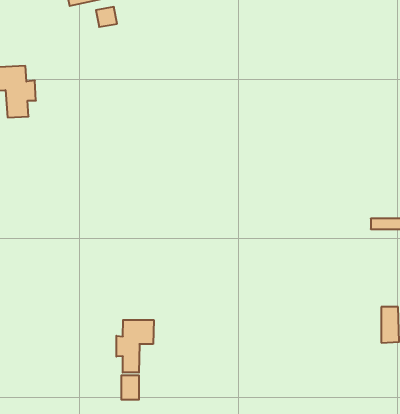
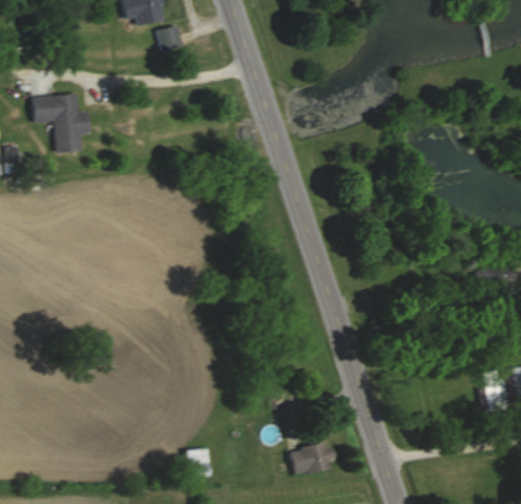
building: [116,320,154,373] -> none
building: none -> [289,441,337,476]

